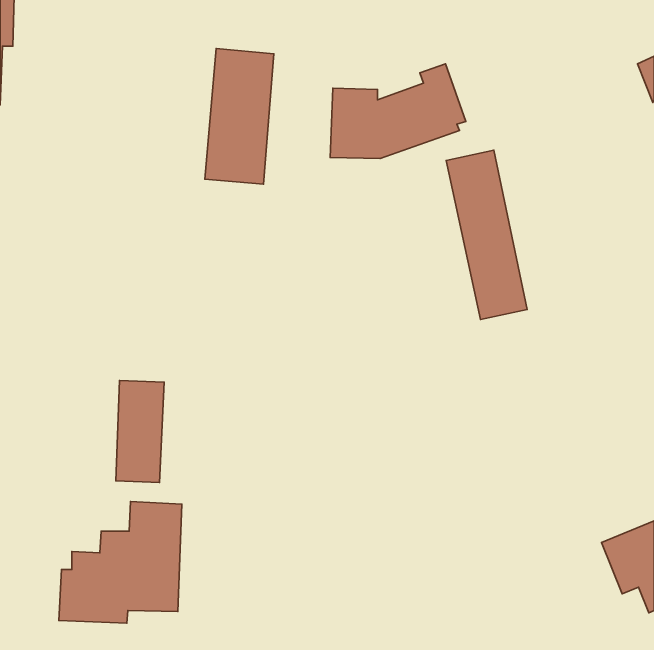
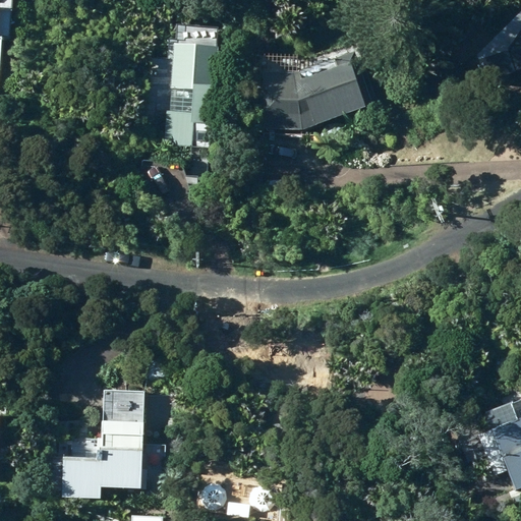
building: [446,150,527,320] -> none
building: [116,380,164,482] -> none

